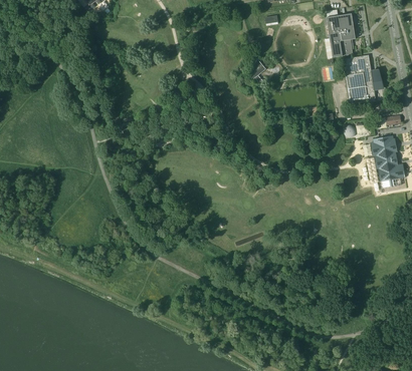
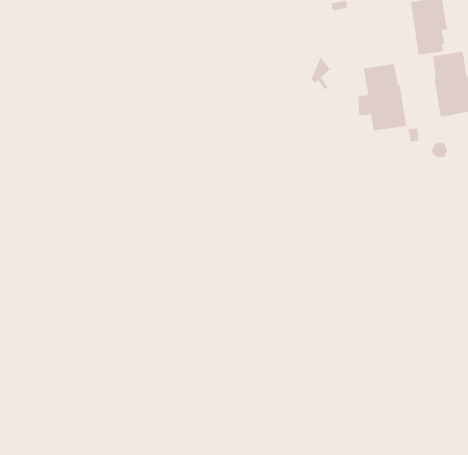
building: none -> [358,63,407,131]

